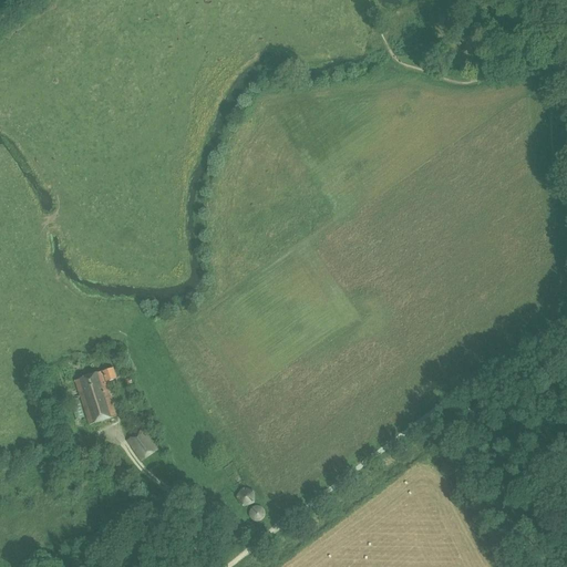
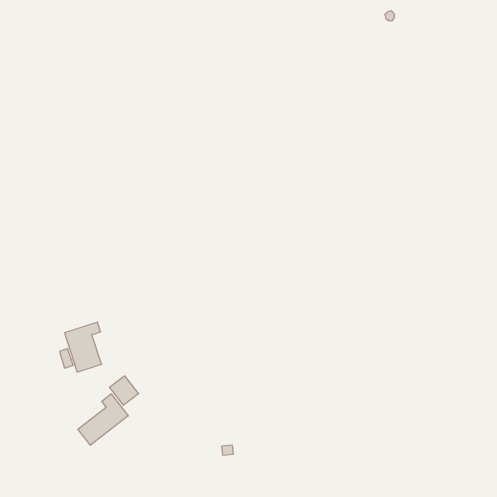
building: none -> [78,394,128,445]

